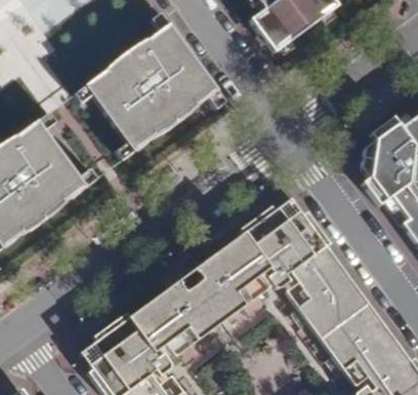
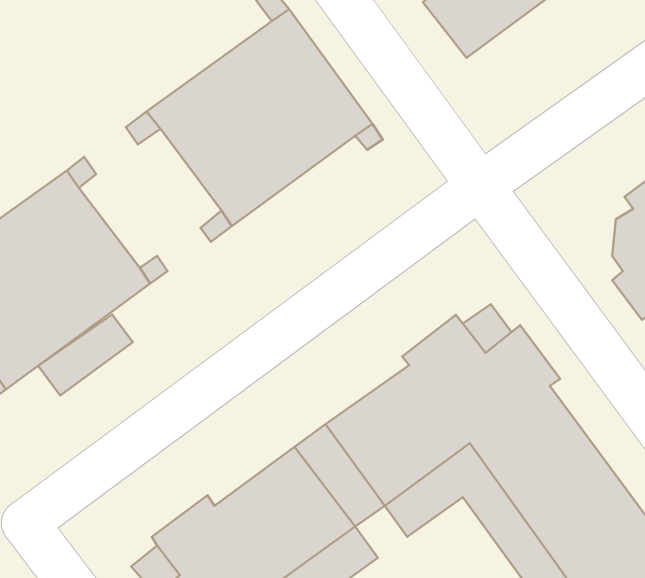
building: none -> [38,314,133,396]

